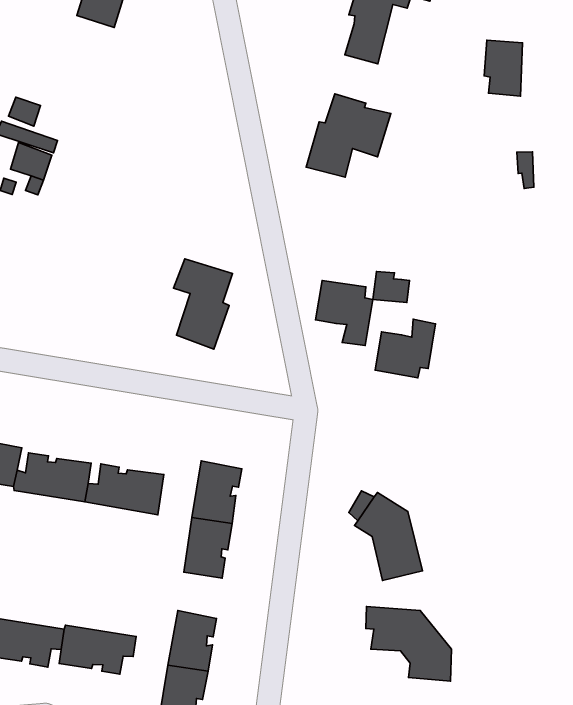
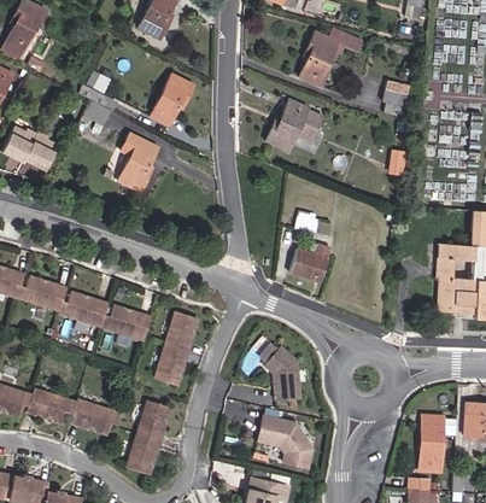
building: none -> [151,74,194,125]
building: [173,259,232,349] -> [118,134,158,192]
building: [316,280,373,345] -> none

